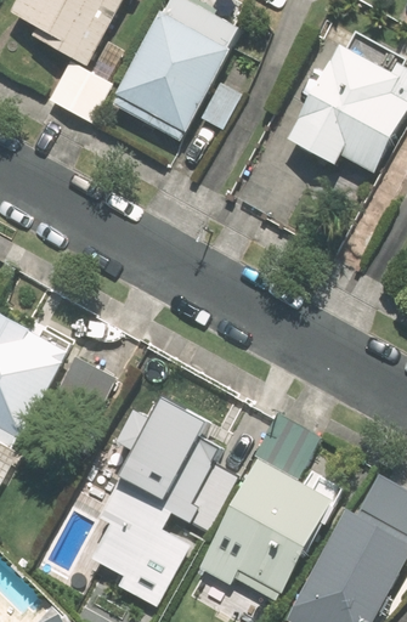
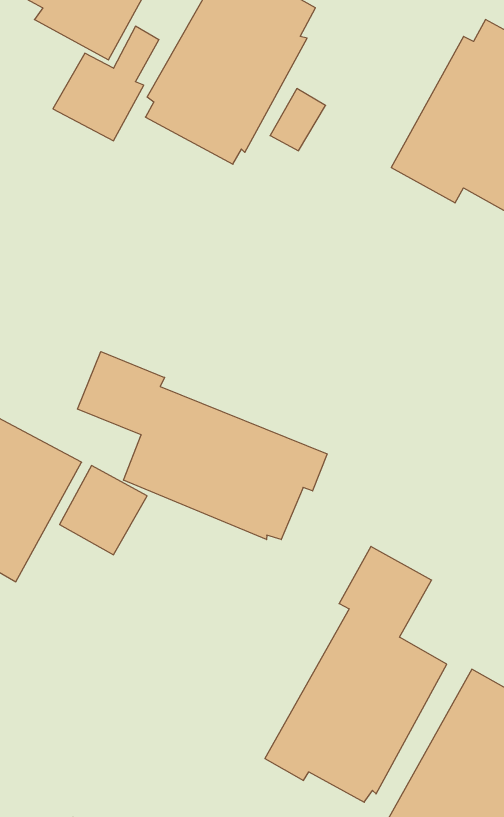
building: none -> [78,352,327,540]
building: [85,405,225,605] -> none

